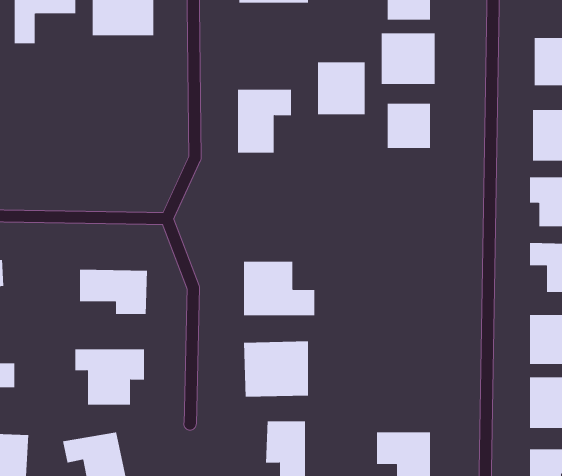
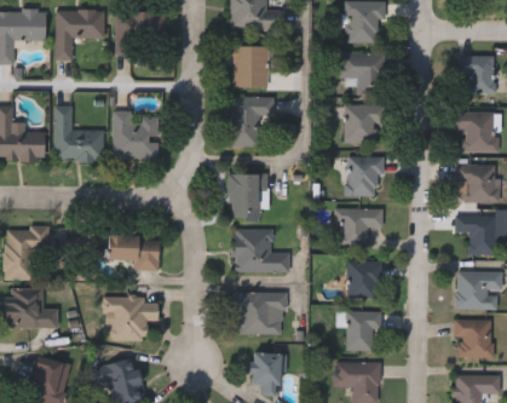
building: [317,62,366,115] -> [230,46,267,87]
building: none -> [54,105,103,160]
building: none -> [113,111,157,159]
building: none -> [346,155,381,195]
building: none -> [227,173,267,218]
building: none -> [334,207,382,246]
building: none -> [346,260,382,297]
building: none -> [345,310,381,350]

